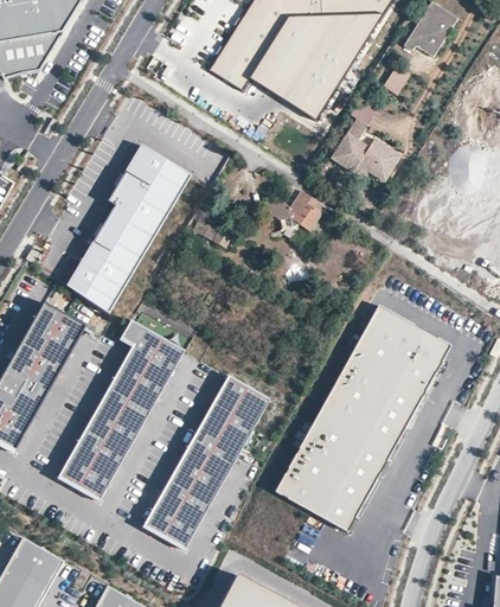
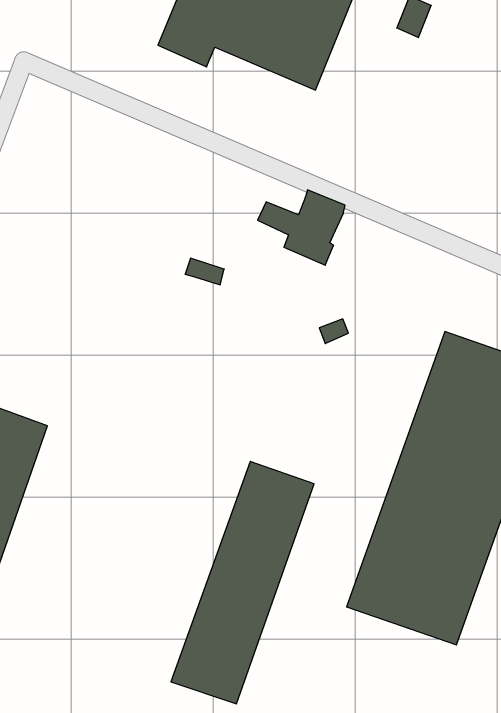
building: [329,117,399,180] -> none
building: [69,142,190,311] -> none
building: [62,318,184,497] -> none

